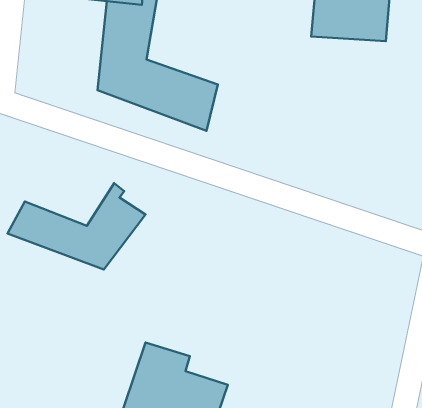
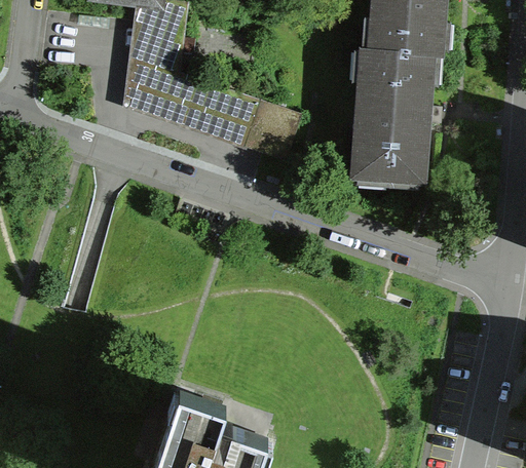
building: none -> [346,45,444,180]
building: [7,183,145,269] -> none

